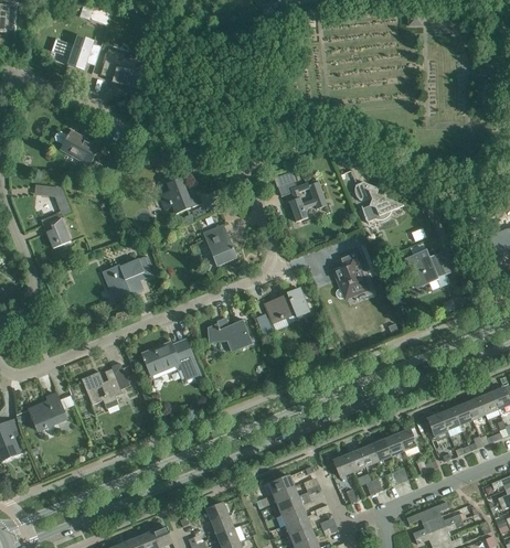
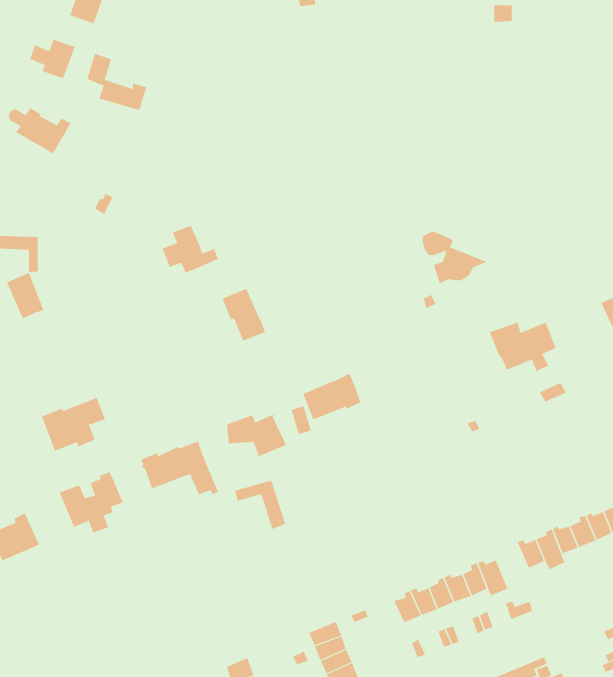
building: [54,130,102,165] -> [8,107,71,154]
building: [277,181,326,222] -> none
building: [333,252,366,299] -> none
building: [103,257,151,298] -> [41,397,106,452]
building: none -> [234,480,286,530]

